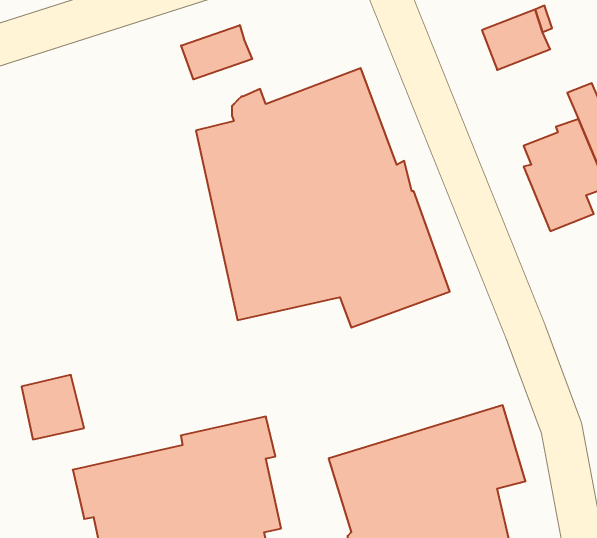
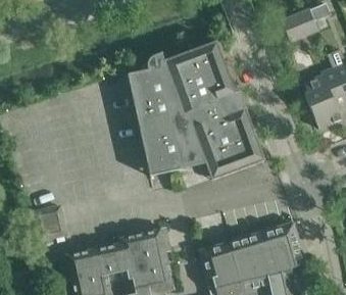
building: [181,25,252,79] -> none

